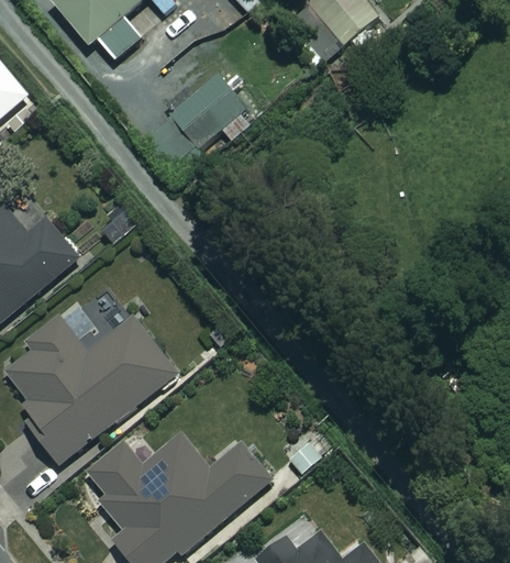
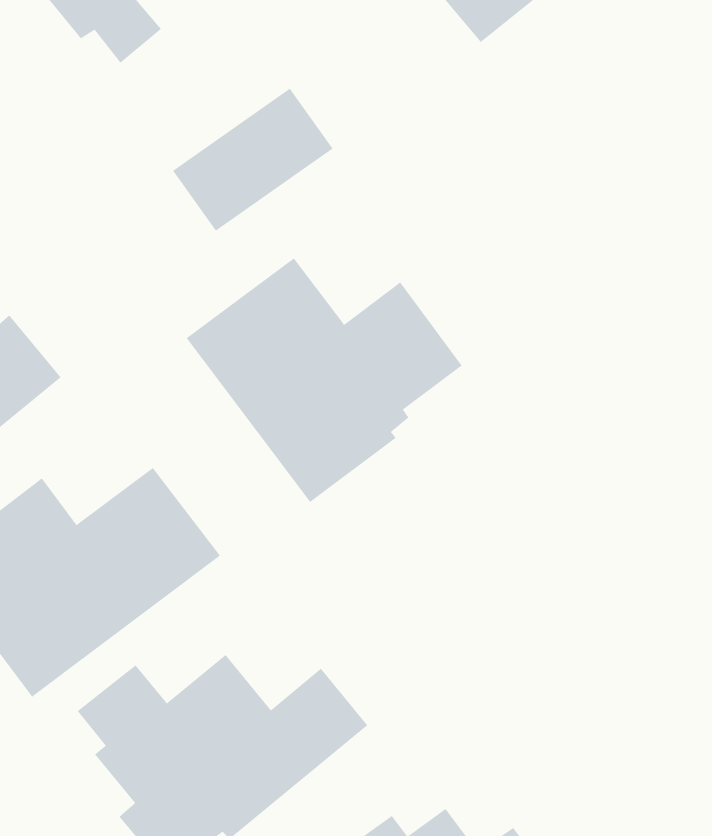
building: none -> [186,258,462,503]

